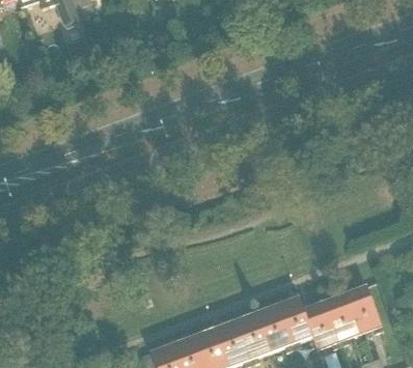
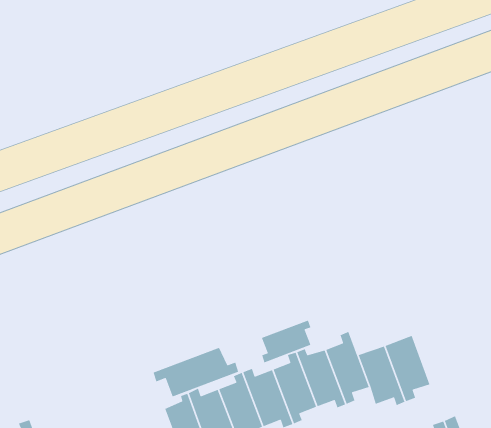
building: none -> [261,319,311,363]
building: [345,284,382,332] -> none
building: none -> [152,347,239,398]

